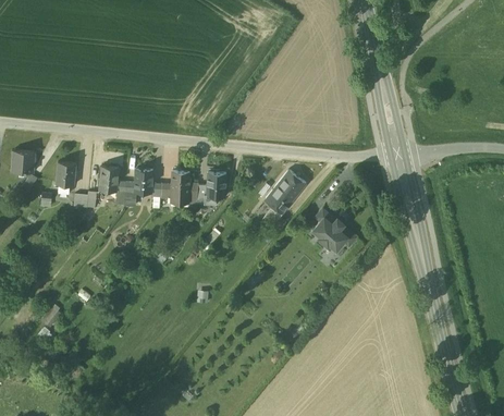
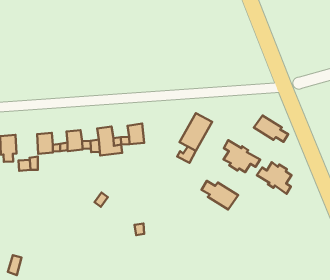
building: none -> [254,115,288,142]
building: none -> [257,162,291,194]
building: none -> [202,181,238,210]

